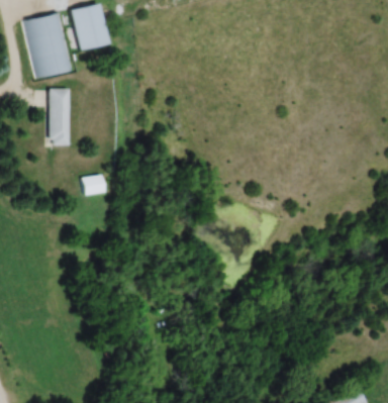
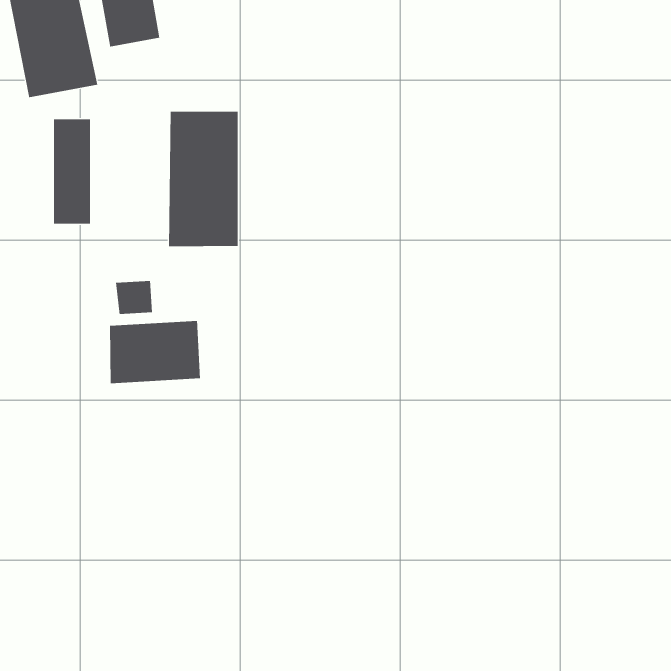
building: none -> [169,111,238,247]
building: none -> [109,320,200,384]

